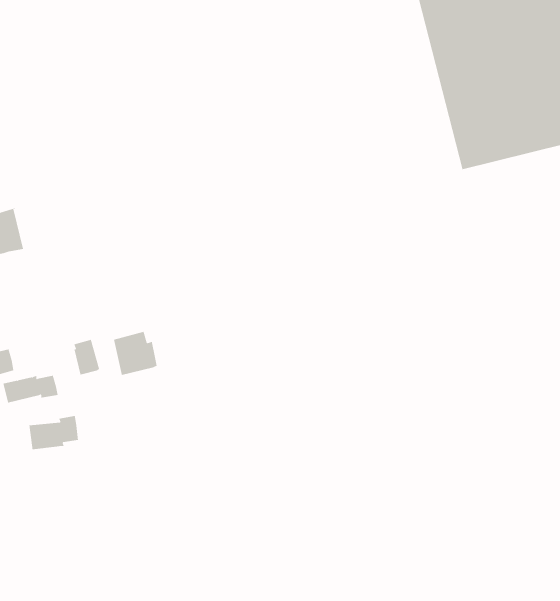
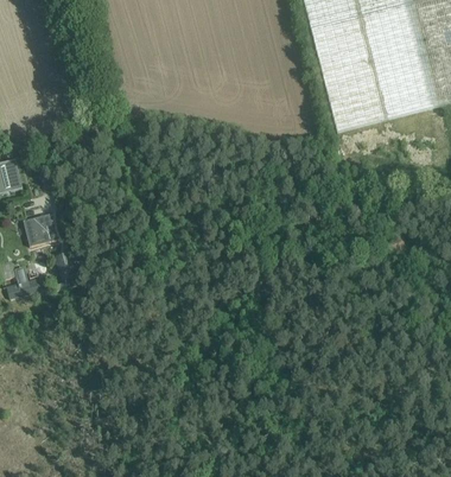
building: [113,331,157,376] -> [23,211,55,243]
building: [29,415,78,450] -> none

